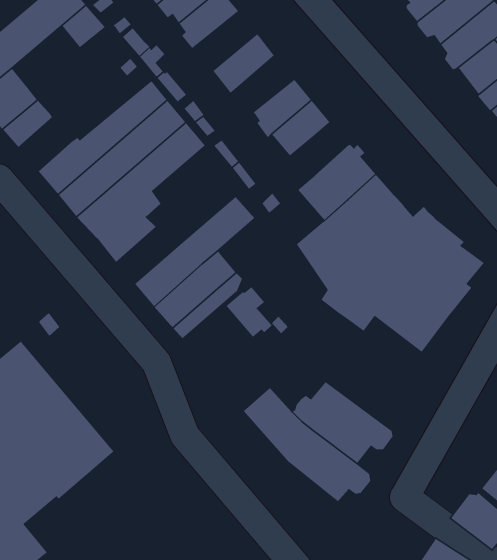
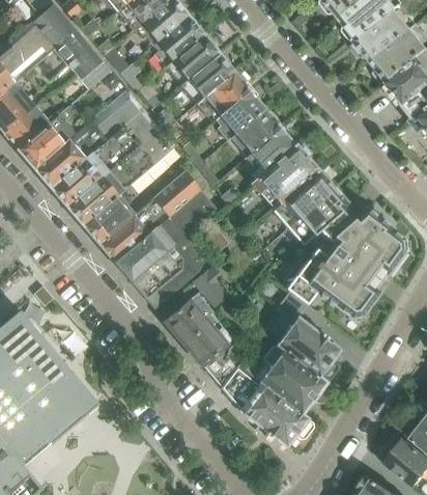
building: none -> [165,31,218,81]
building: none -> [68,45,109,85]
building: none -> [195,68,249,116]
building: none -> [17,103,74,166]
building: none -> [245,125,294,169]
building: none -> [98,165,206,260]
building: none -> [275,288,340,381]
building: none -> [165,292,236,367]

